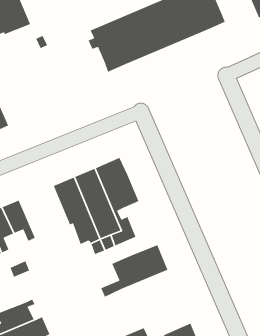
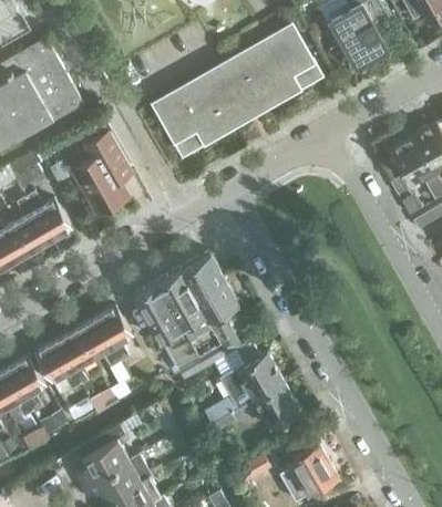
building: none -> [73,133,132,215]
building: none -> [94,306,133,362]
building: none -> [210,382,300,434]

